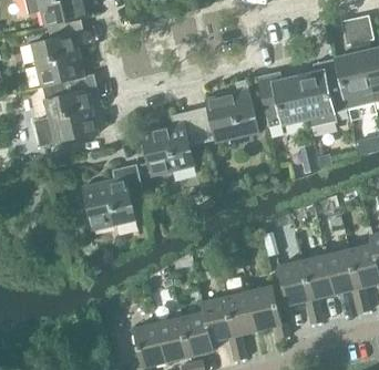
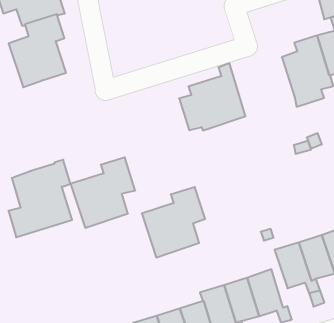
building: [256,72,308,125] -> none
building: [35,74,99,147] -> [8,160,72,237]
building: [140,111,202,177] -> [142,187,205,257]

